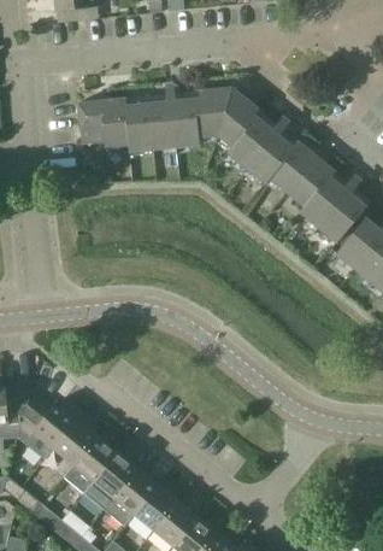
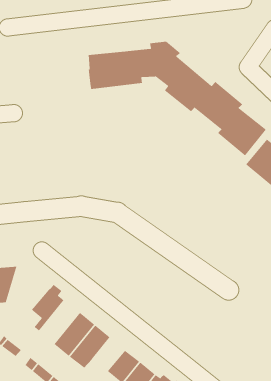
building: [78,99,129,147] -> none
building: [18,388,76,458] -> none
building: [61,434,116,493] -> none
building: [132,479,176,529] -> none

